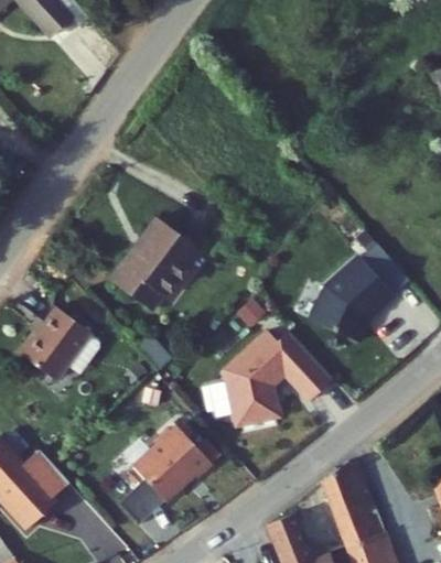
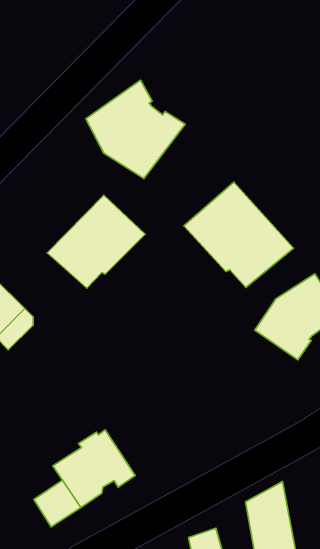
building: none -> [86,80,185,178]
building: none -> [184,182,294,288]
building: [223,332,332,427] -> none

